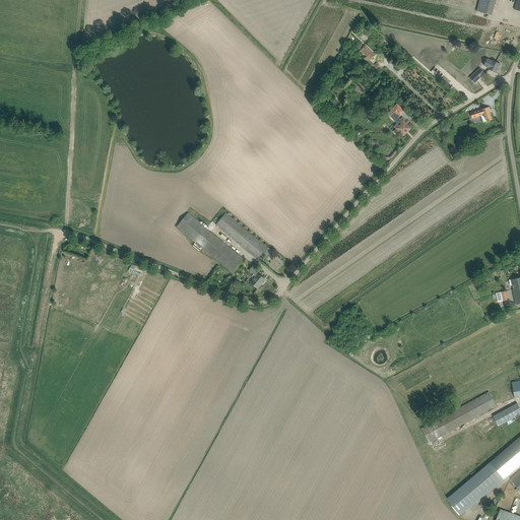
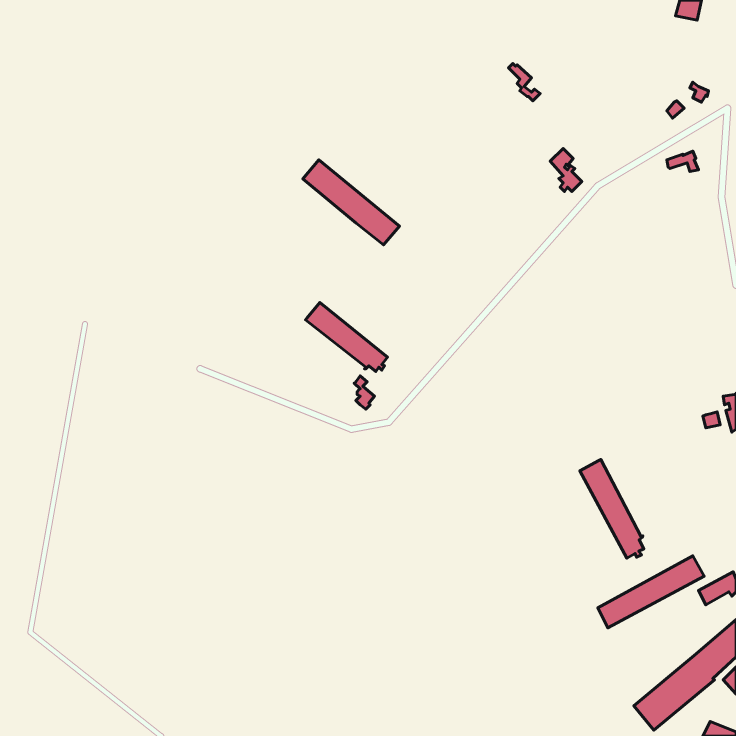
building: [177,213,245,273] -> [303,160,399,245]
building: none -> [580,459,644,558]

